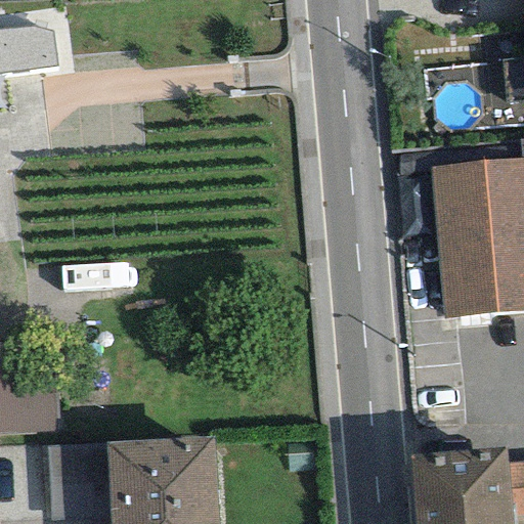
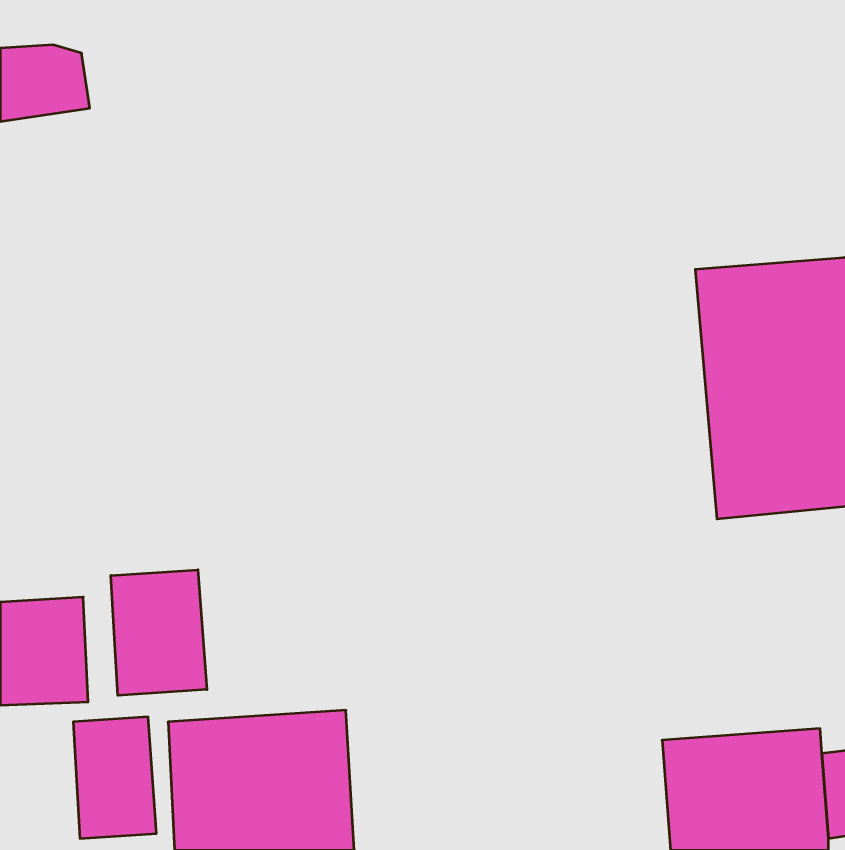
building: none -> [111,570,207,695]

